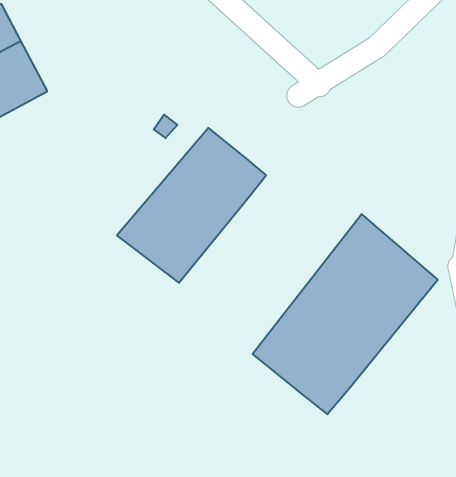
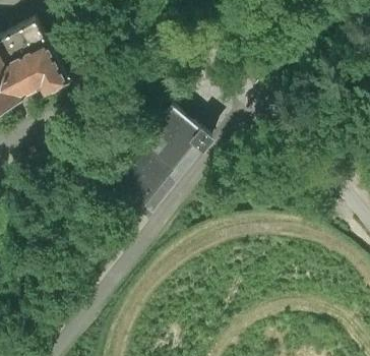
building: [253,214,438,414] -> none

